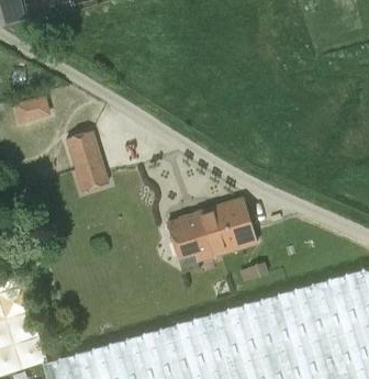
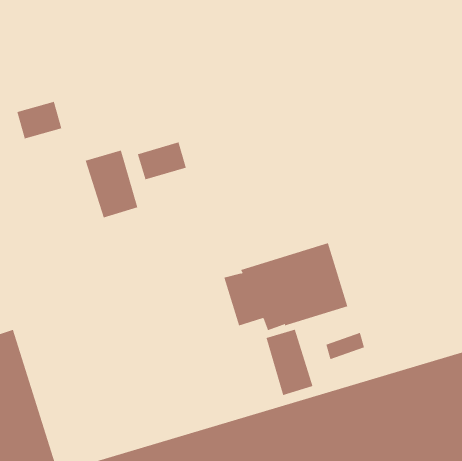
building: none -> [137,142,187,180]
building: none -> [266,329,313,396]

